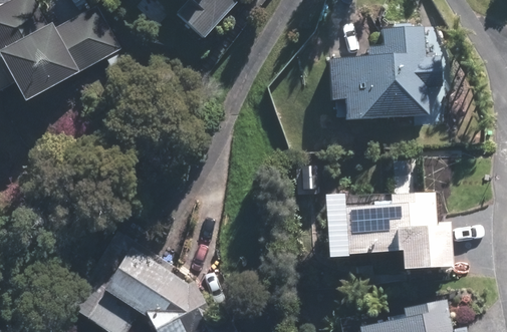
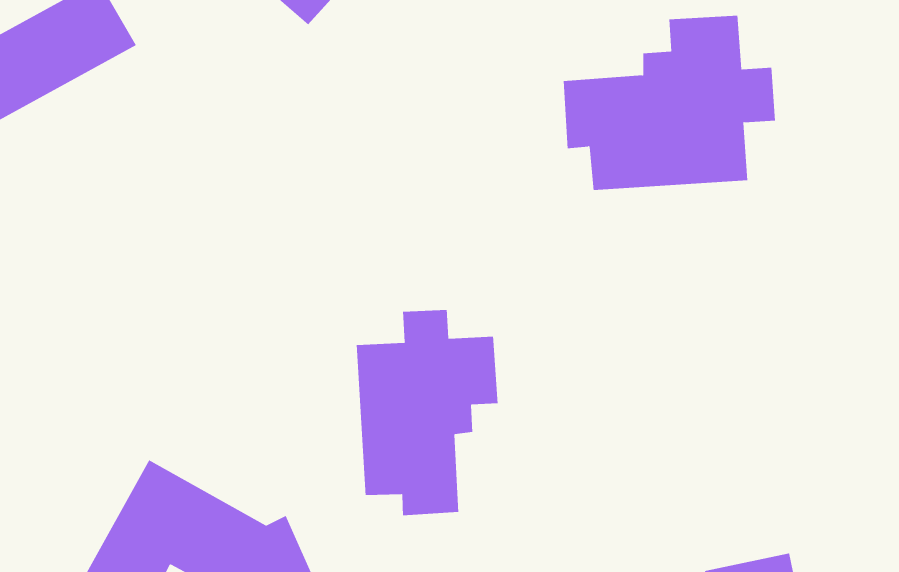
building: none -> [356,309,498,516]
building: [342,193,449,272] -> none

